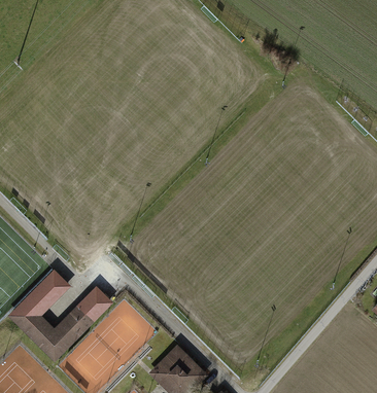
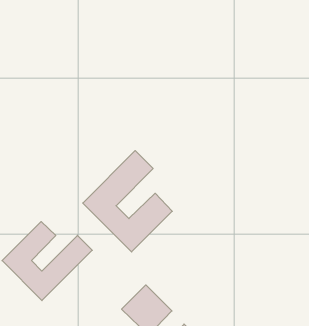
building: none -> [83,151,172,252]

